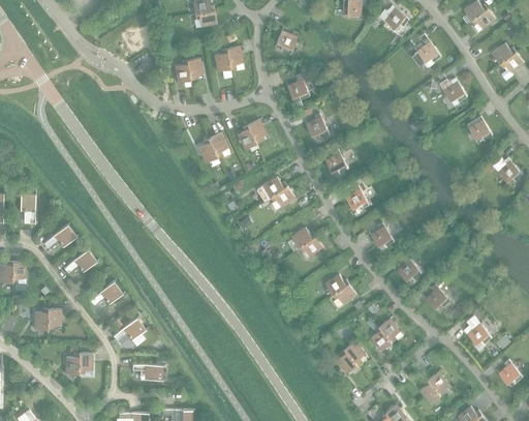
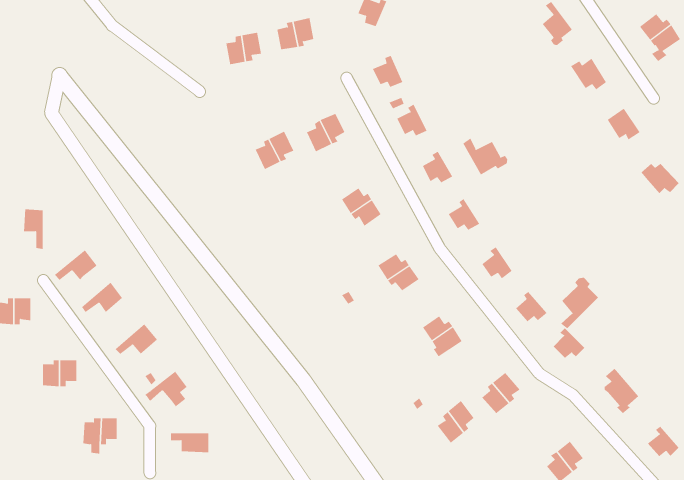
building: none -> [462,138,508,175]
building: none -> [560,277,599,329]

